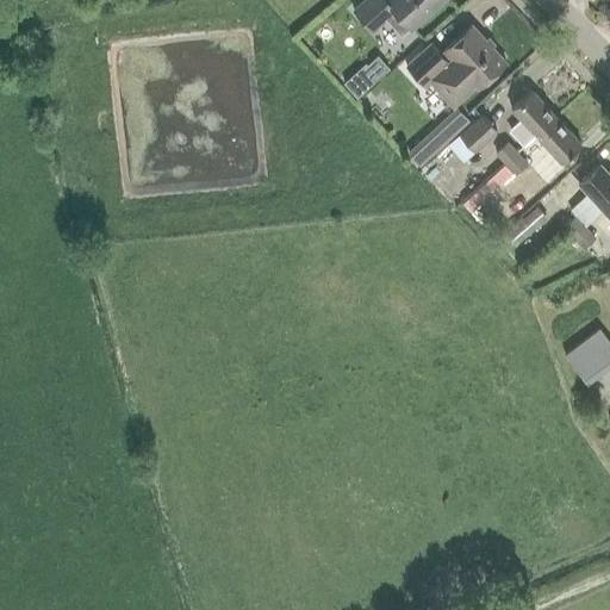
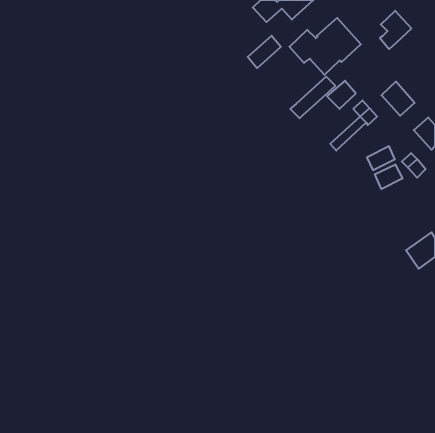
building: [510,92,554,145] -> [380,11,411,49]
building: none -> [375,164,402,189]

